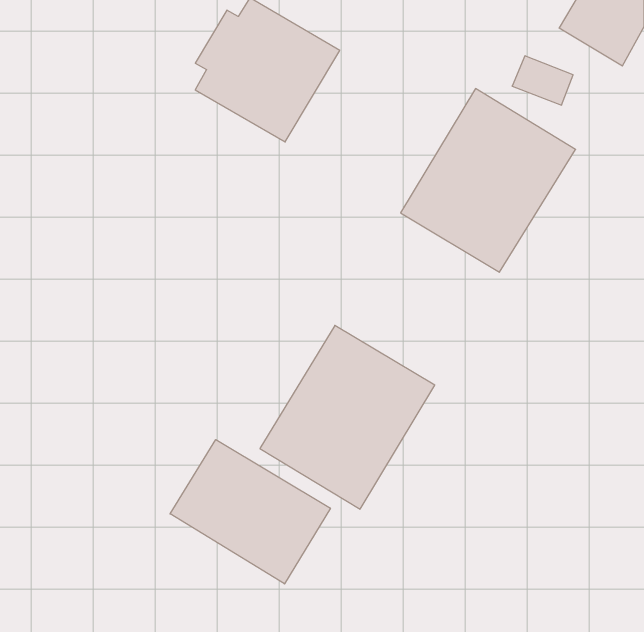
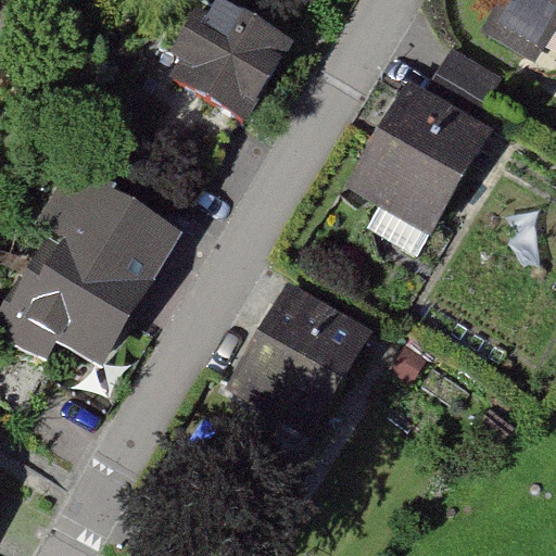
building: none -> [4,162,185,368]
building: [170,440,330,584] -> none

